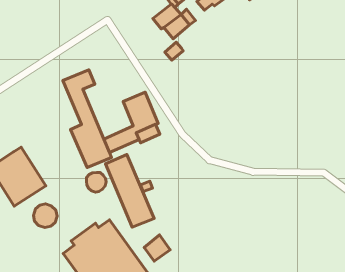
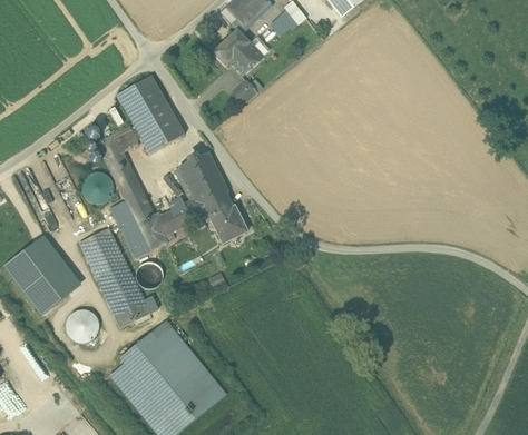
building: none -> [117,75,185,152]
building: none -> [81,171,114,202]
building: none -> [206,205,247,243]
building: [106,154,154,227] -> [80,228,150,326]
building: [144,235,170,261] -> none

